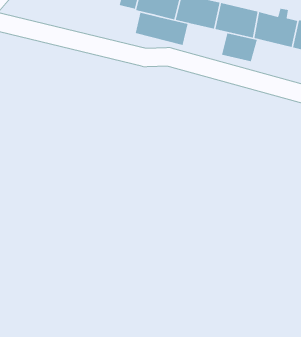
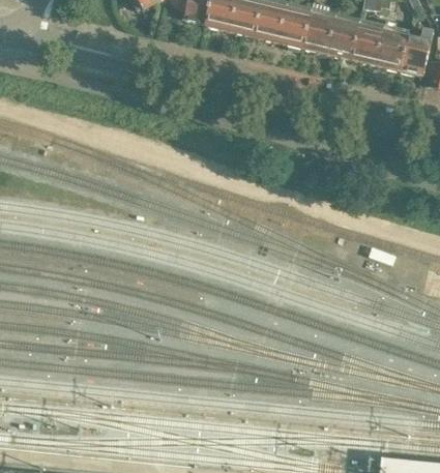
building: [135,12,189,46] -> none
building: [221,32,258,62] -> none

